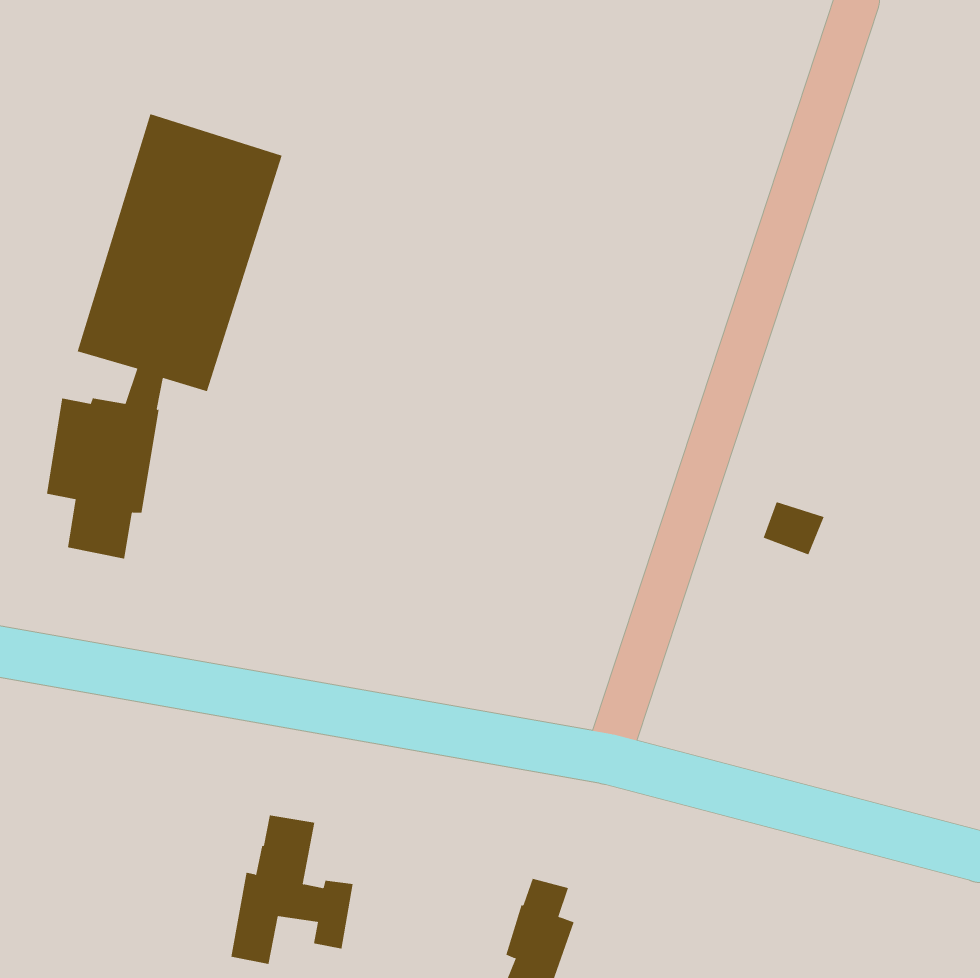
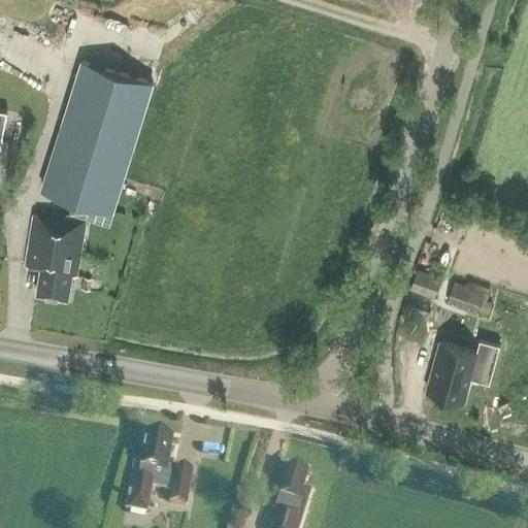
building: none -> [447,283,483,314]
building: none -> [427,341,499,402]

